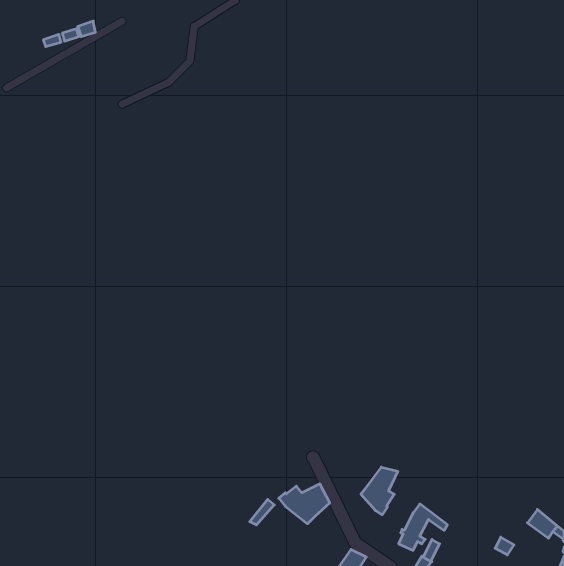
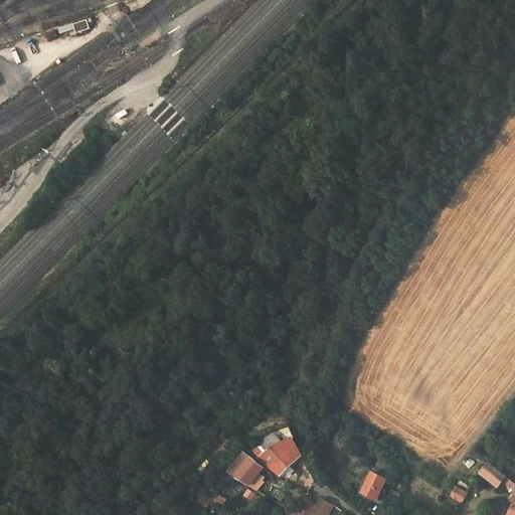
building: [361,467,398,515] -> none
building: none -> [232,459,261,486]

